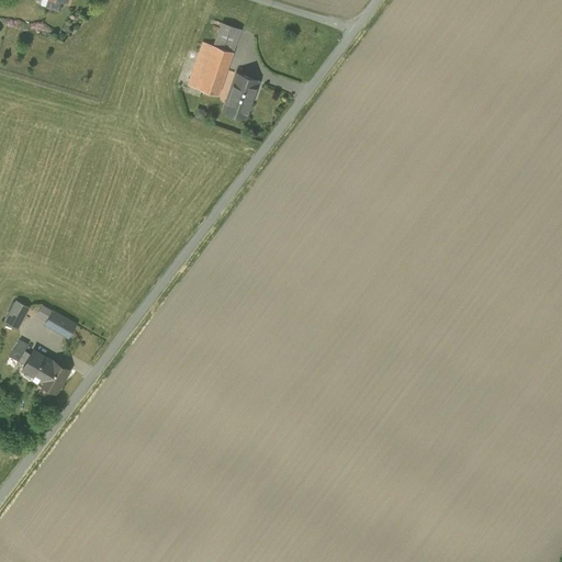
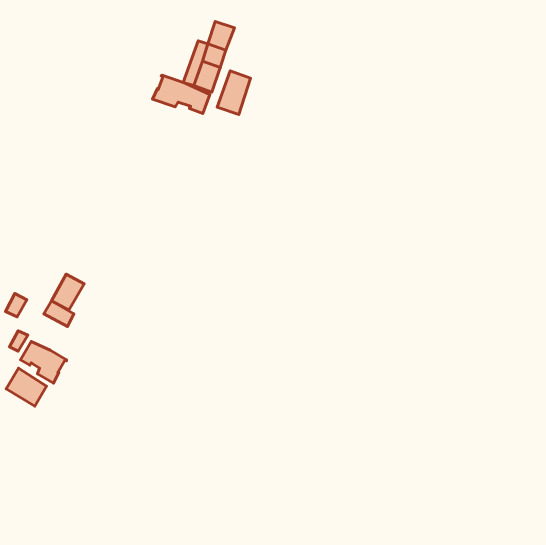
building: none -> [152,75,210,113]
building: none -> [51,274,84,310]
building: none -> [6,368,47,406]

